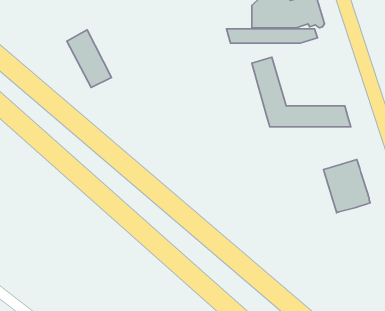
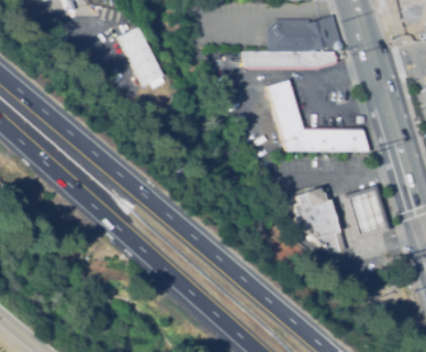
building: [67,30,111,88] -> [119,27,164,86]
building: none -> [294,186,347,253]

